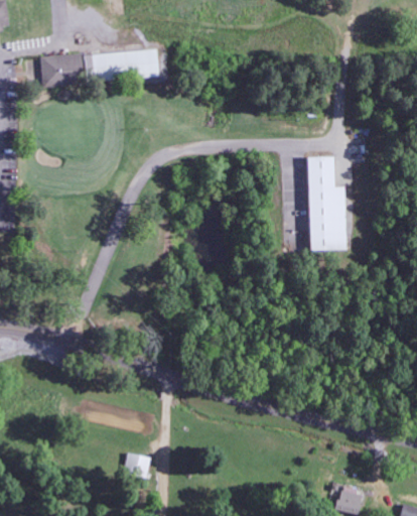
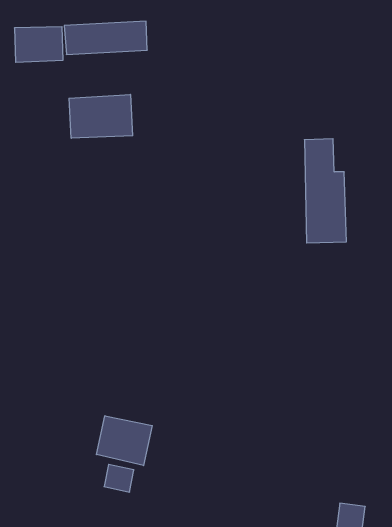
building: none -> [69,94,133,138]
building: none -> [96,416,152,466]

